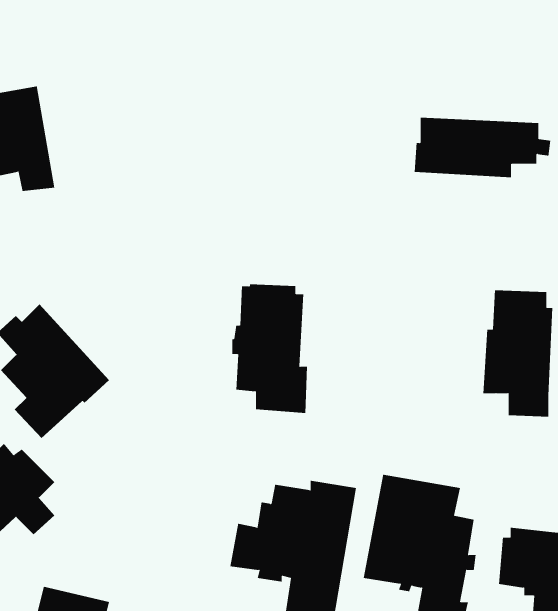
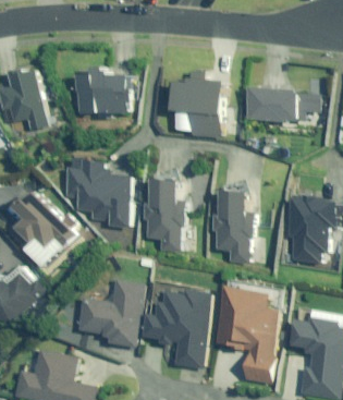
building: none -> [171,71,222,137]
building: none -> [71,75,121,118]
building: none -> [66,156,131,227]
building: none -> [212,192,250,263]
building: none -> [79,279,146,348]

